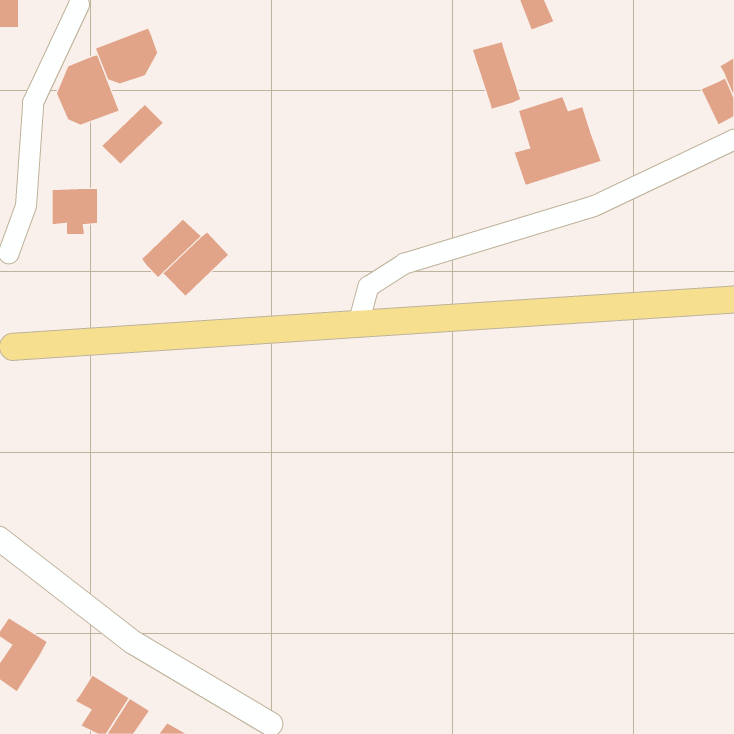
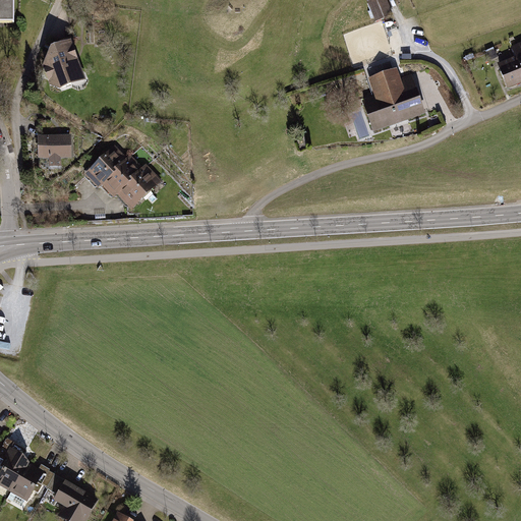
building: [95,28,158,84] -> none
building: [472,42,521,110] -> none
building: [102,104,164,165] -> [82,144,126,187]
building: none -> [8,465,65,506]

